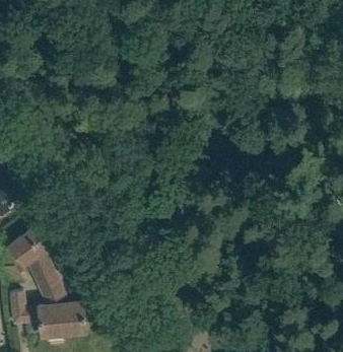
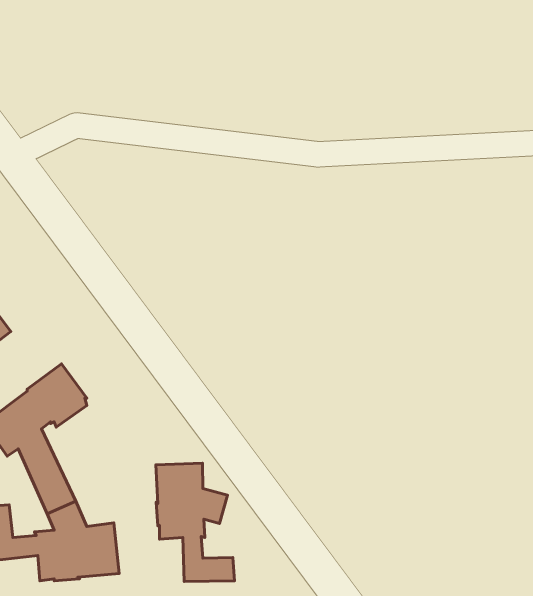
building: none -> [156,463,235,581]

